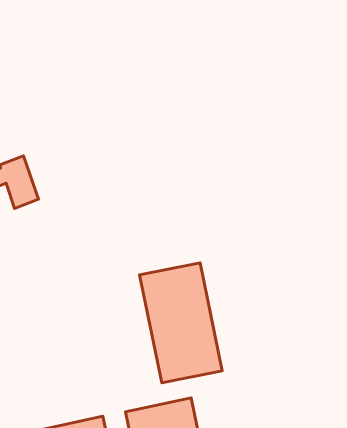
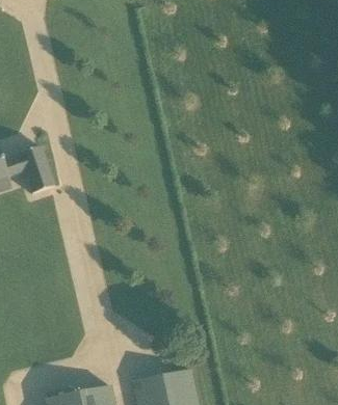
building: [140,263,222,383] -> none

